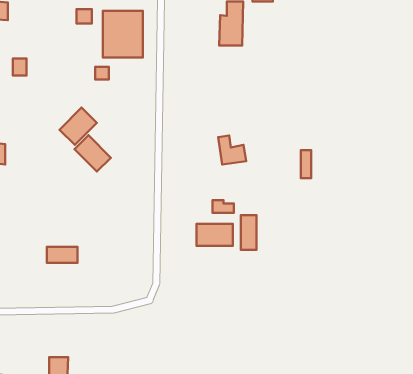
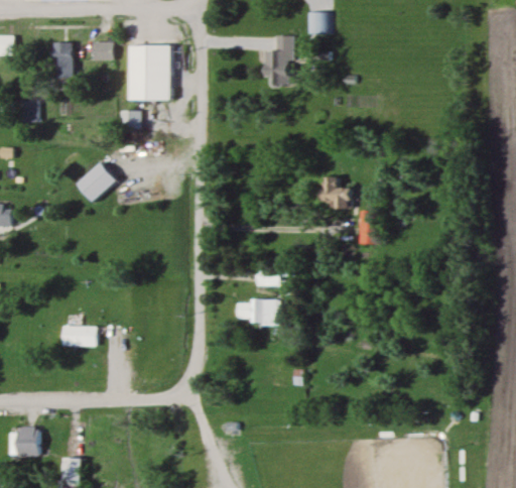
building: none -> [52,43,73,80]
building: [75,135,111,172] -> none
building: [218,136,246,164] -> [324,174,357,209]
building: [241,215,256,250] -> none
building: none -> [11,426,42,457]

